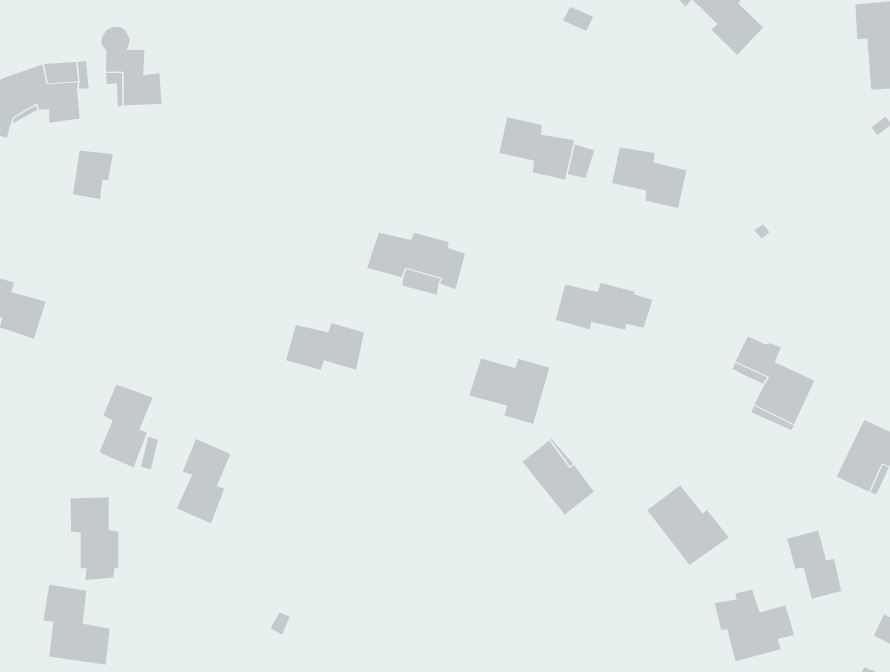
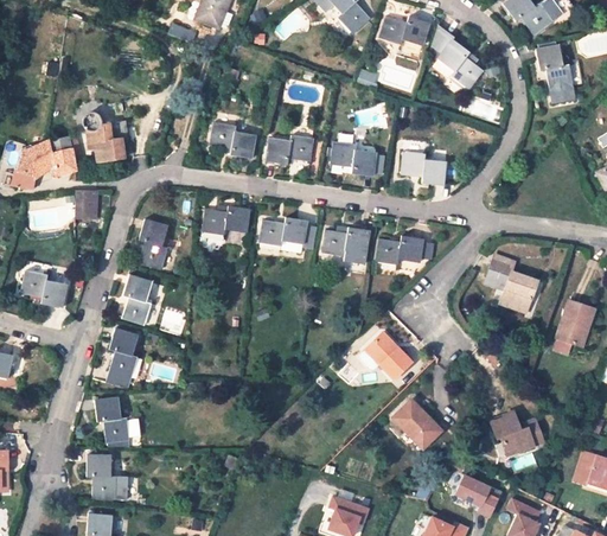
building: none -> [210,121,256,158]
building: none -> [266,134,314,164]
building: none -> [139,219,167,269]
building: [285,322,365,370] -> [203,205,249,235]
building: [468,358,550,425] -> [321,226,369,266]
building: [176,438,231,524] -> [122,274,152,325]
building: [646,485,730,566] -> [392,398,445,447]
building: [787,530,842,599] -> none

